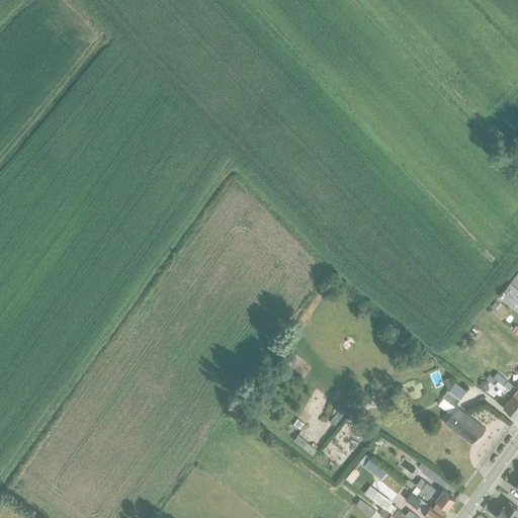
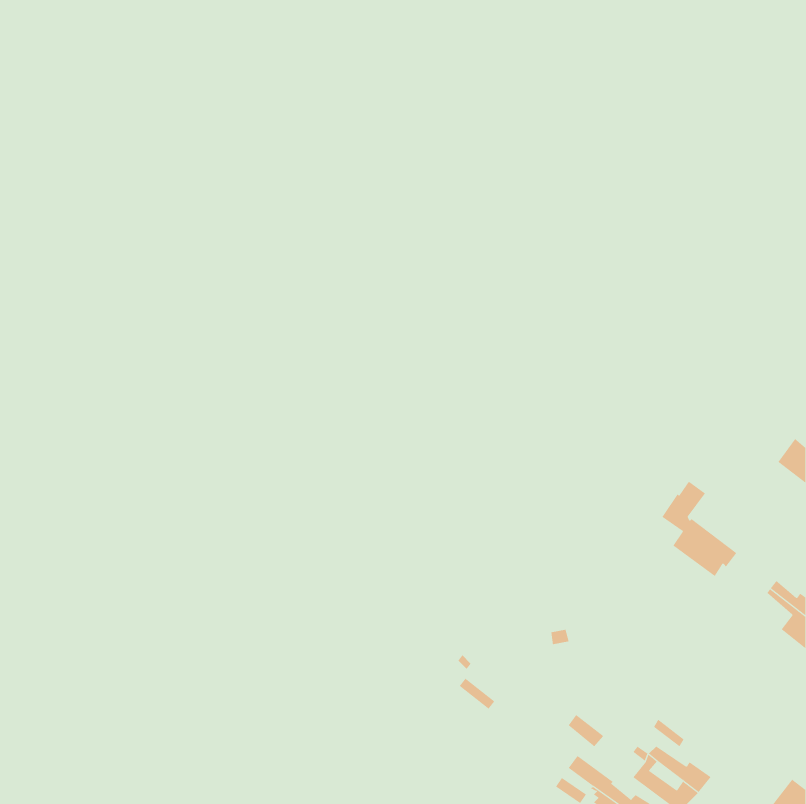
building: [438,382,487,444] -> [662,481,737,577]

